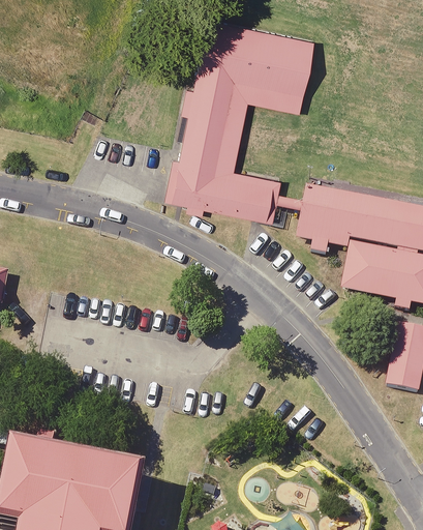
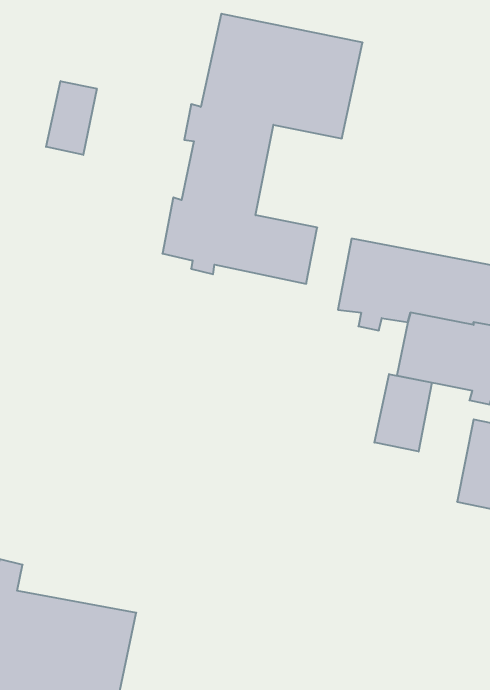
building: none -> [46,81,97,155]
building: none -> [374,374,432,452]

